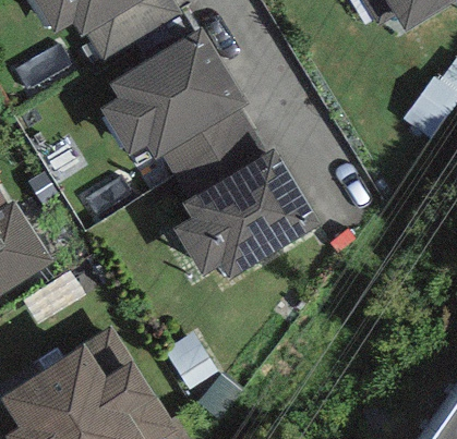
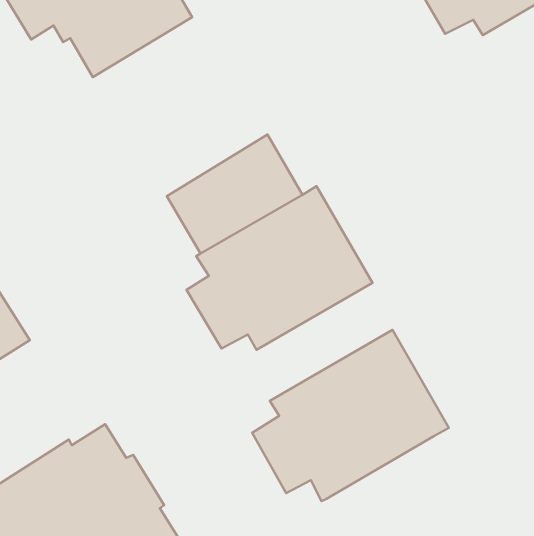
building: [101,25,245,157] -> none
building: none -> [252,330,449,501]

